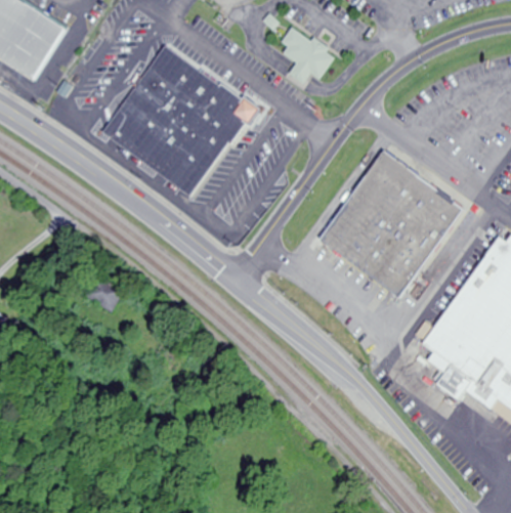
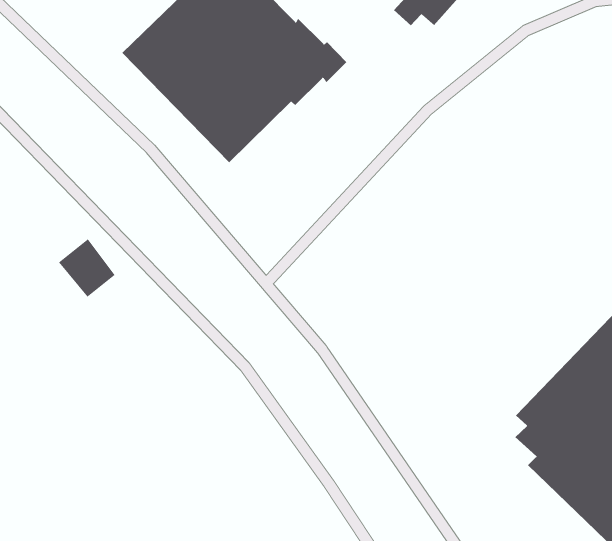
building: [321,154,466,299] -> none

